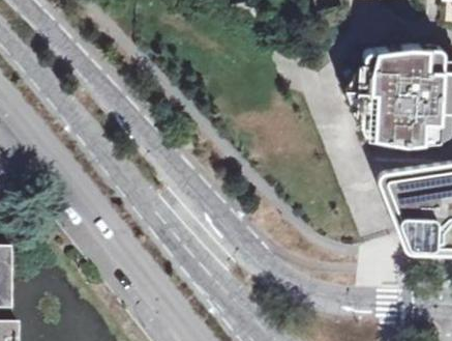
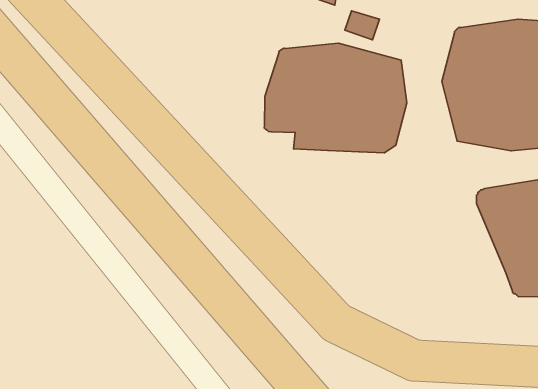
building: none -> [264,43,407,153]

